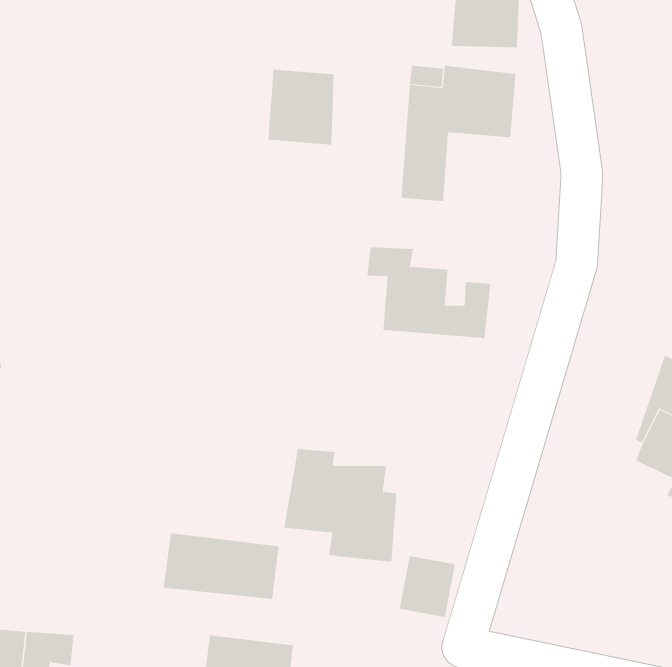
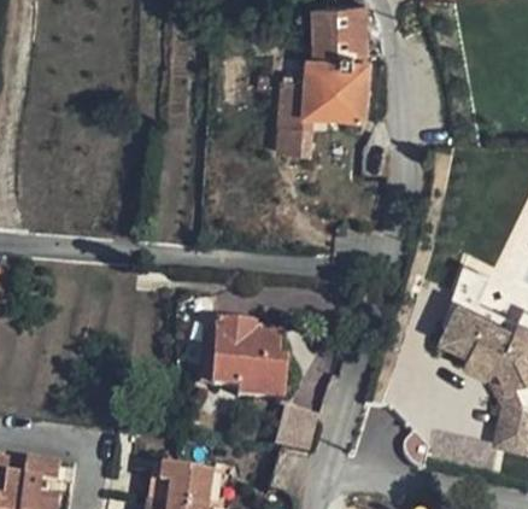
building: [268,69,334,145] -> none
building: [367,246,491,339] -> none
building: [163,533,279,600] -> none

